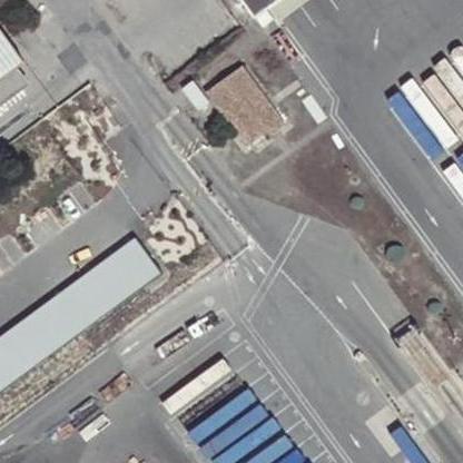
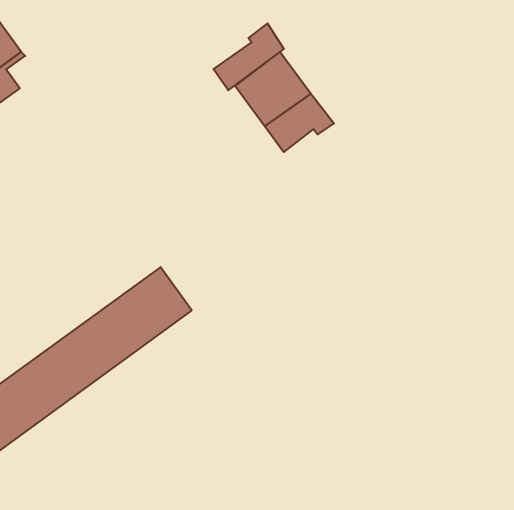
building: none -> [213,23,284,90]

